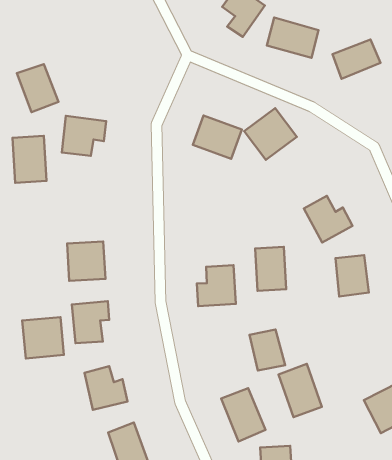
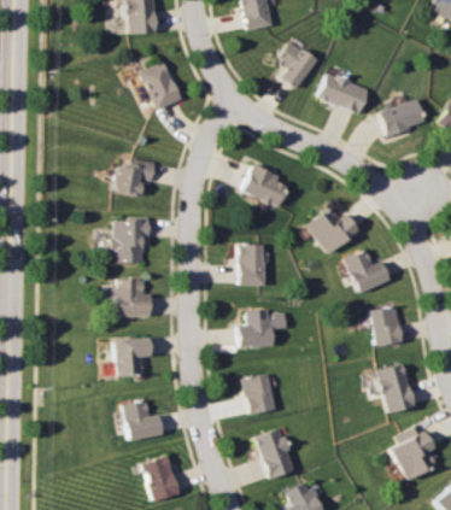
building: [17,64,59,112] -> [140,64,178,110]
building: [244,108,297,160] -> [304,203,355,252]
building: [13,136,46,183] -> [115,219,145,263]
building: [255,247,286,291] -> [235,244,263,285]
building: [22,317,64,358] -> none
building: [250,330,285,371] -> [241,375,274,414]
building: [279,364,322,417] -> [374,364,414,415]

